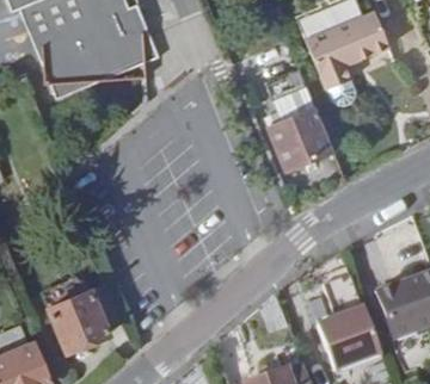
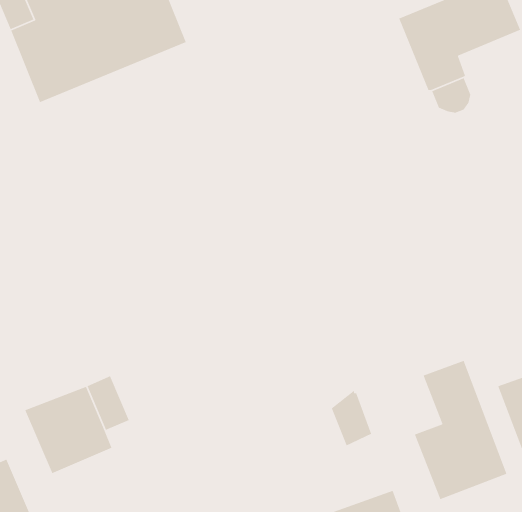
building: [264,68,332,169] -> none

